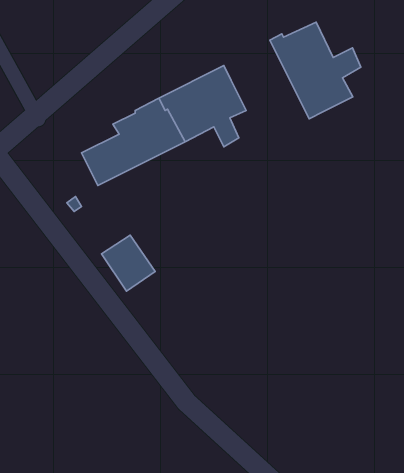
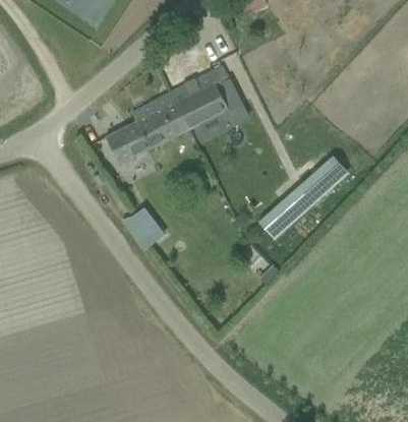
building: [270,22,361,119] -> none
building: none -> [258,157,348,240]

